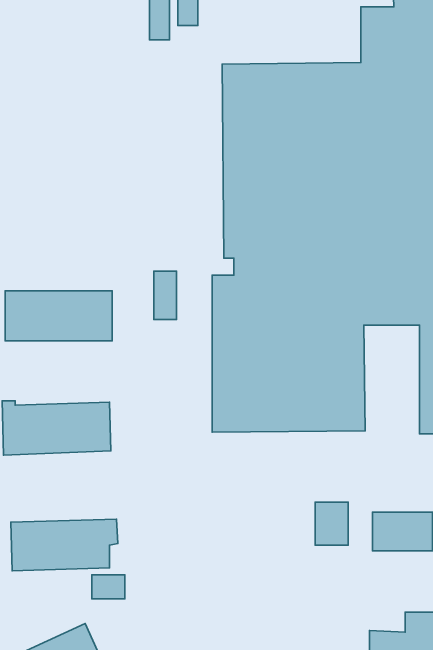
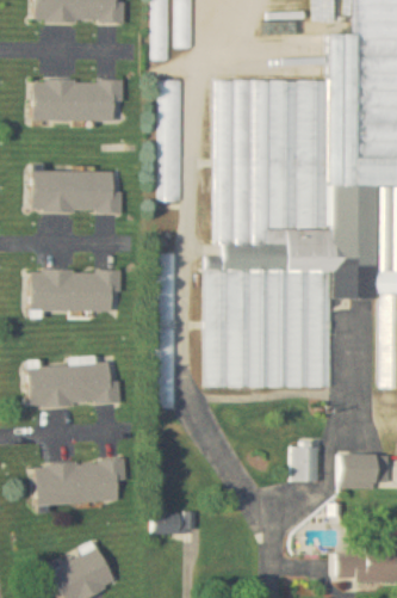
building: none -> [32,79,122,121]
building: none -> [157,79,181,201]
building: none -> [31,171,120,212]
building: [92,575,125,599] -> [150,513,178,534]

